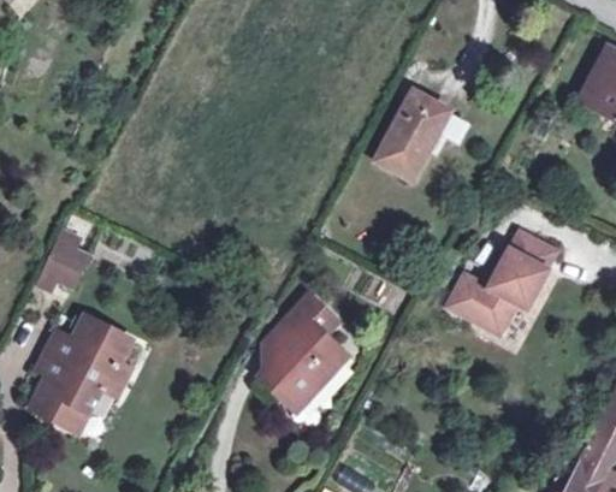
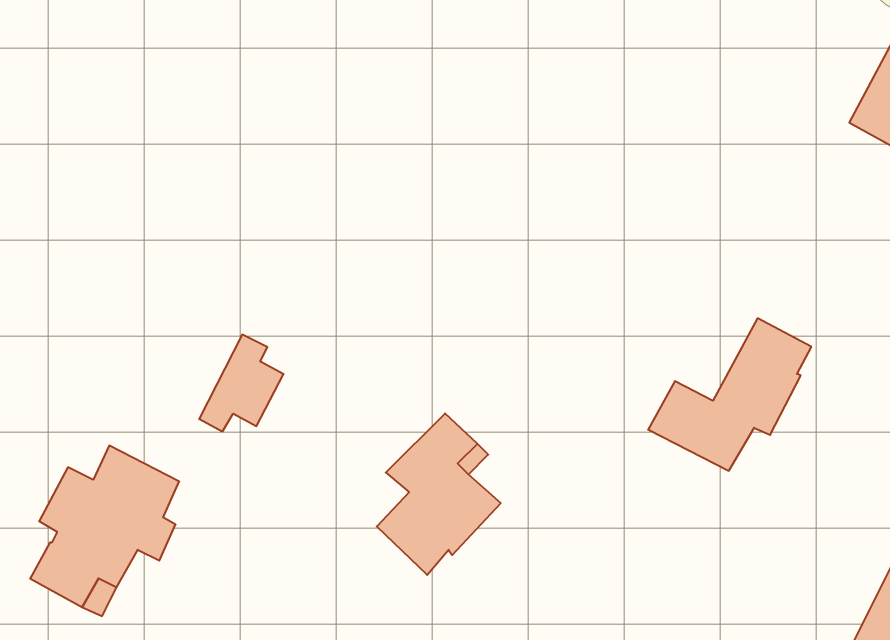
building: [375,91,450,179] -> none
building: [35,226,91,291] -> [199,335,284,432]

